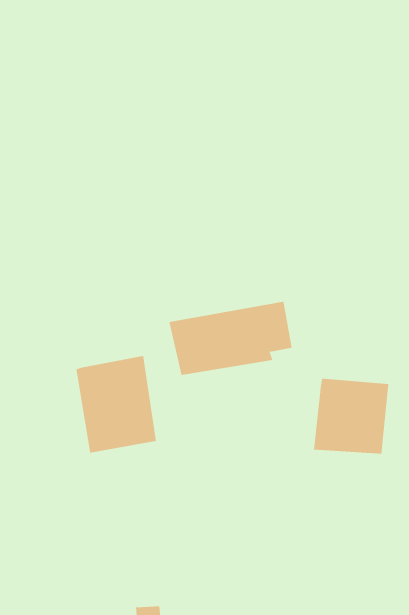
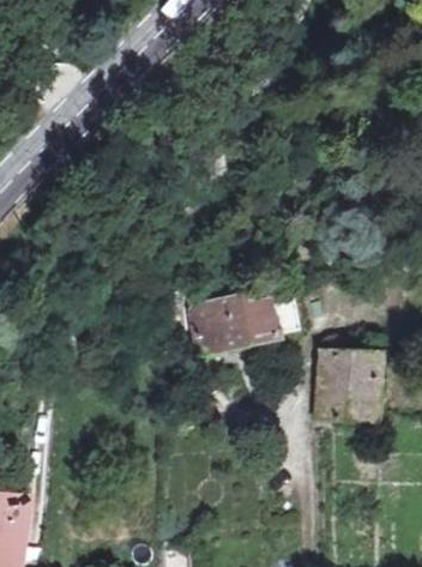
building: [76,355,156,454] -> none

